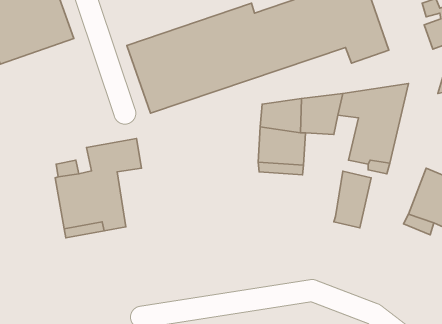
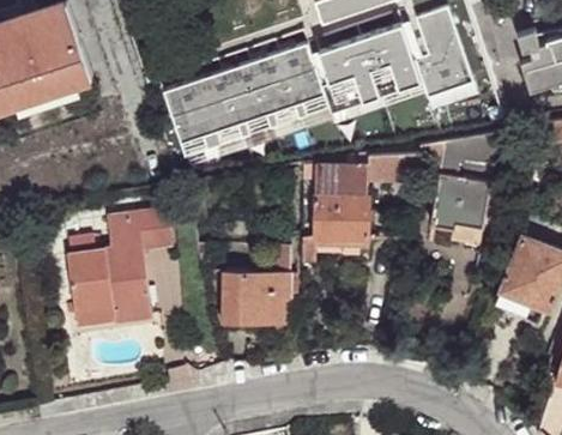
building: [334,171,371,228] -> none
building: none -> [224,266,285,320]

